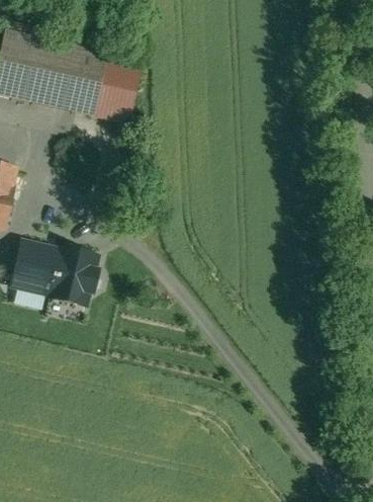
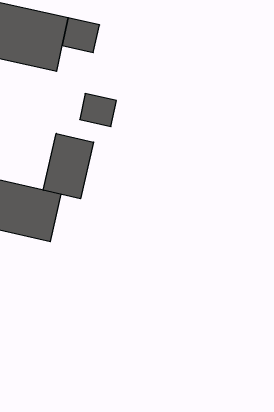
building: [92,84,133,121] -> [80,94,116,127]
building: none -> [43,133,94,199]

